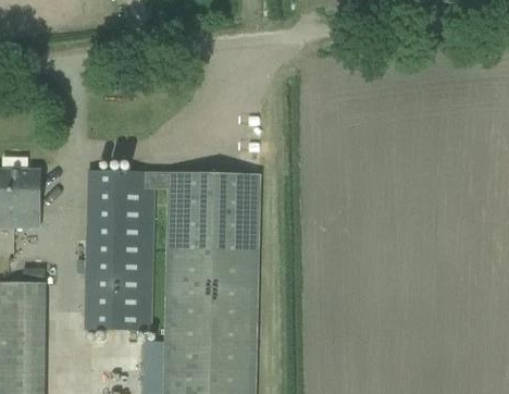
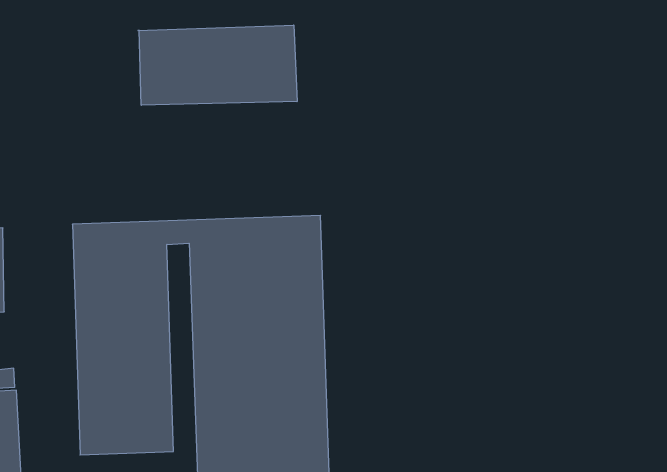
building: none -> [138,25,297,105]

